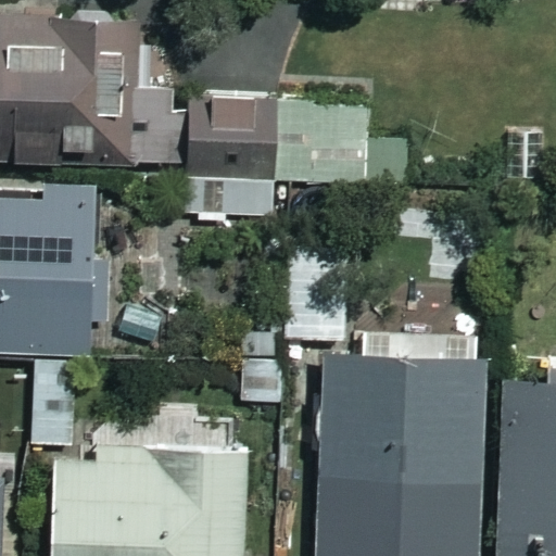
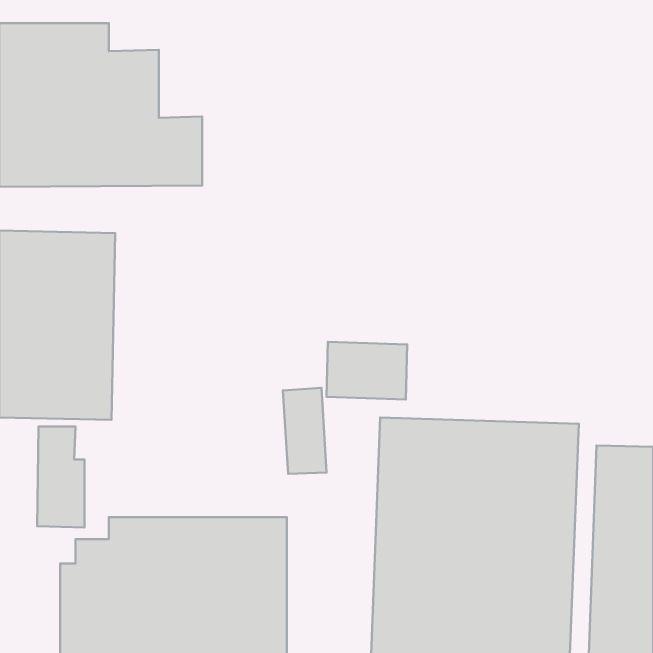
building: [191,45,405,182] -> none

